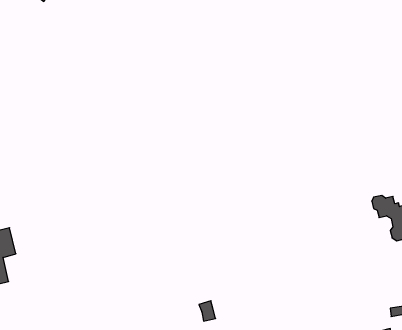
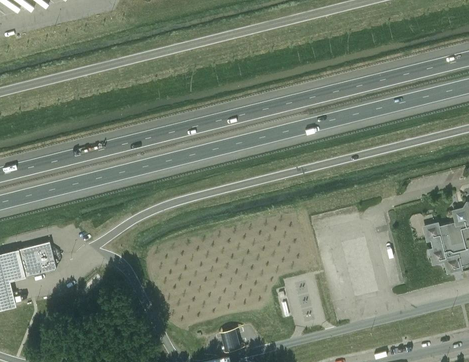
building: none -> [18,241,57,277]

